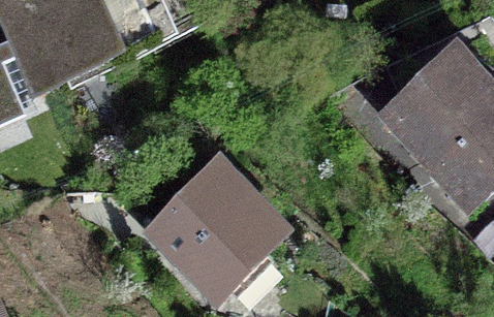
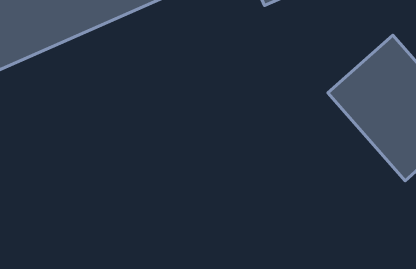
building: [144,162,279,297] -> none

